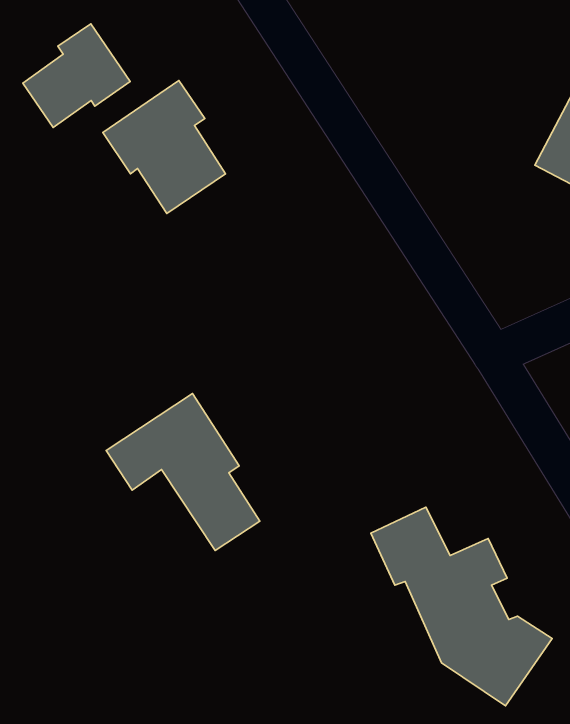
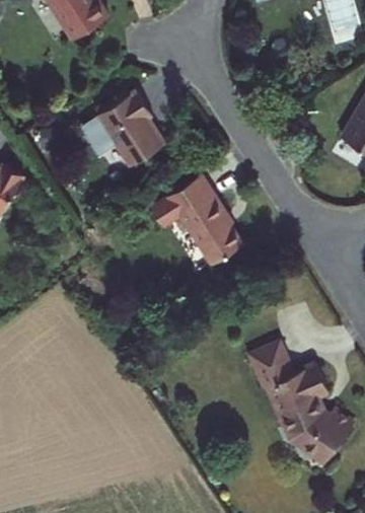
building: [23,24,130,128] -> none
building: [106,393,260,551] -> [150,173,240,266]

